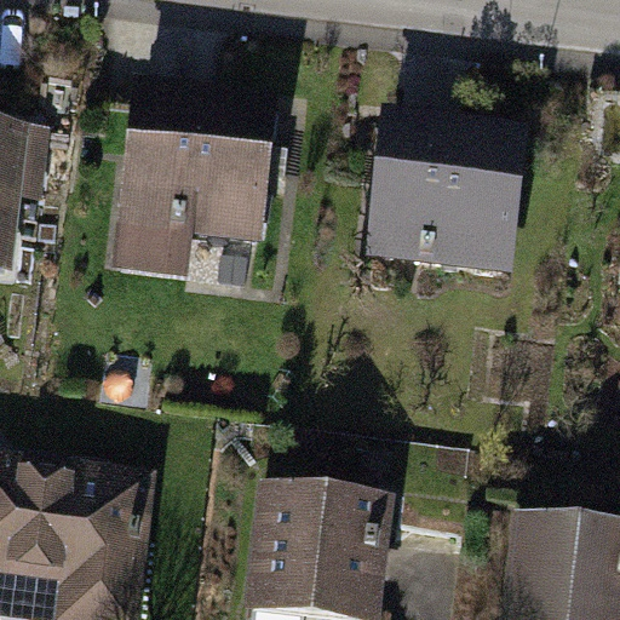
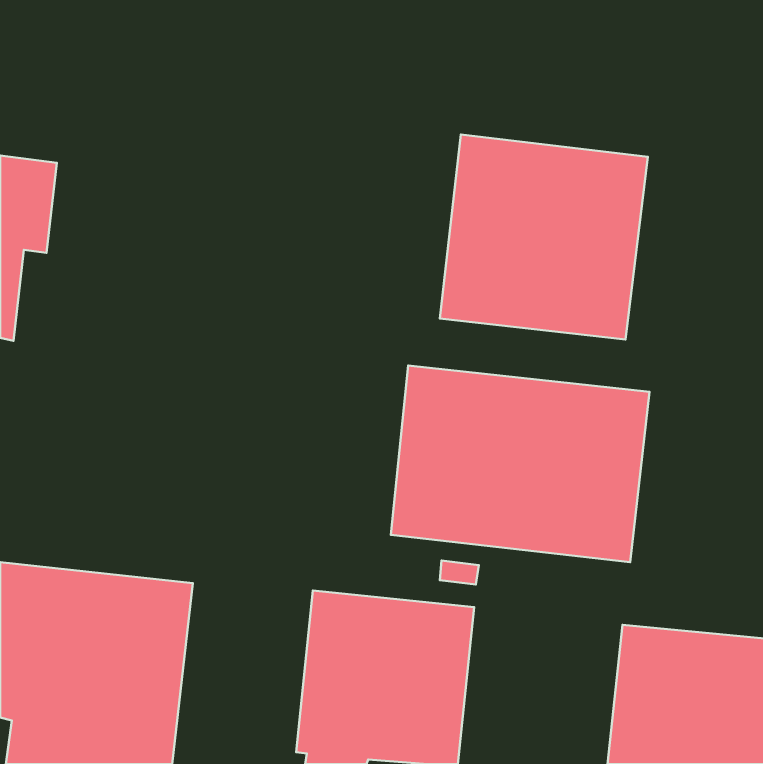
building: [115,85,274,282] -> none
building: none -> [391,365,649,562]

